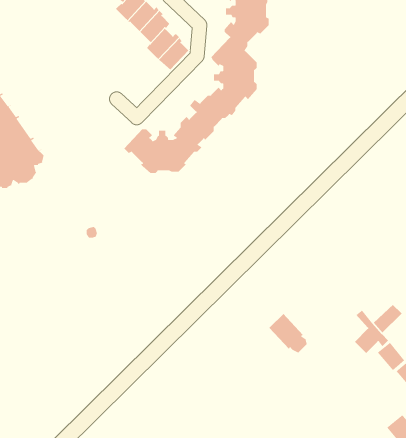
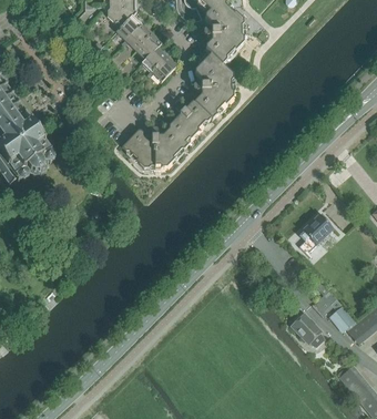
building: none -> [299,212,333,253]
building: [269,313,308,353] -> [292,313,324,346]

